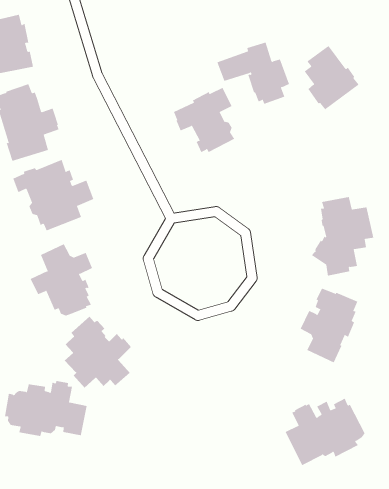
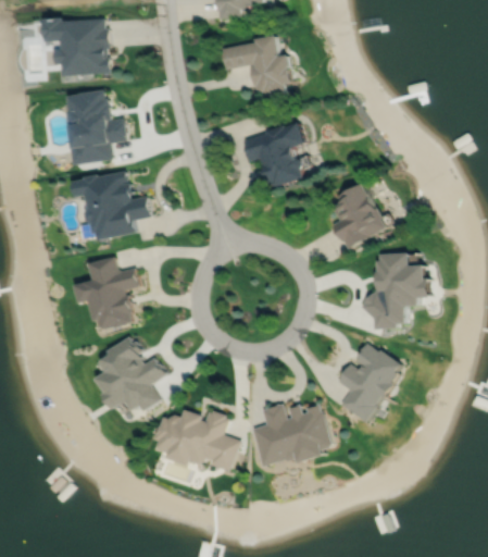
building: [217,42,290,104] -> [221,35,291,98]
building: [304,45,359,110] -> [333,184,387,249]
building: [4,381,88,437] -> [154,408,240,469]
building: [285,398,366,466] -> [252,403,334,465]

